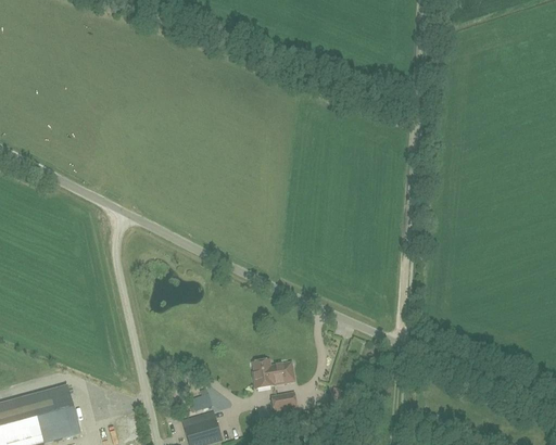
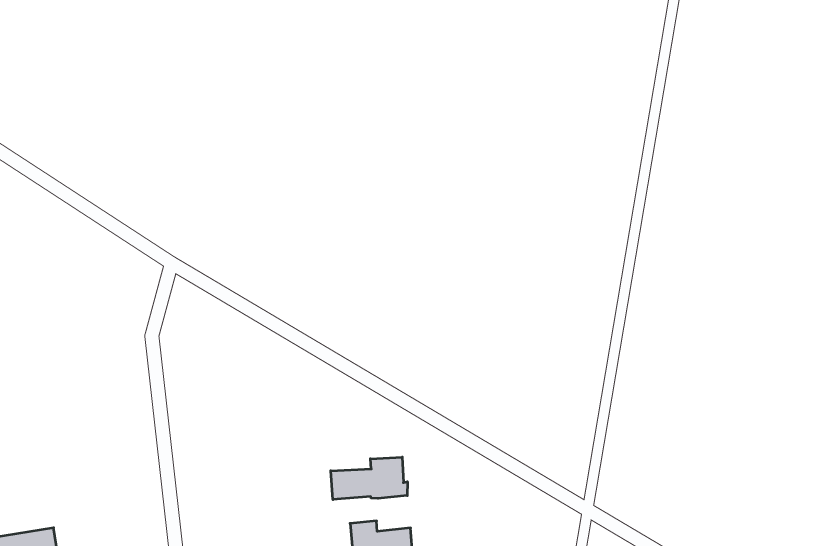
building: none -> [331,457,407,500]

